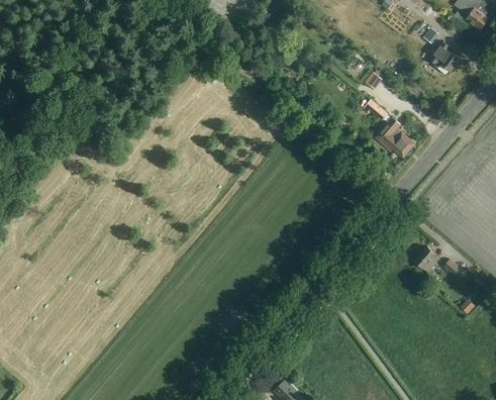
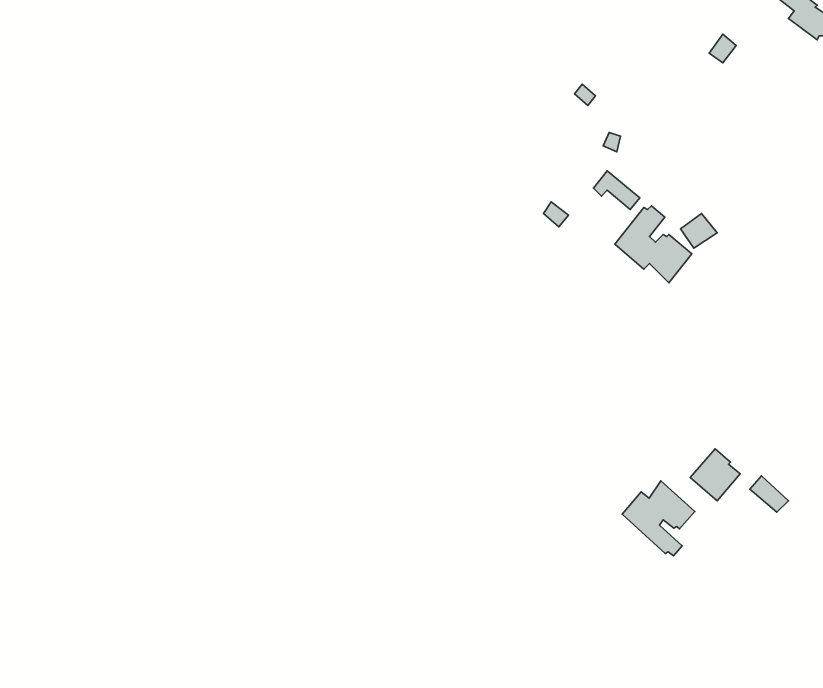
building: [427,39,459,73] -> none
building: none -> [622,481,695,556]

